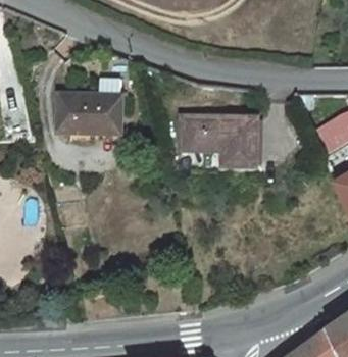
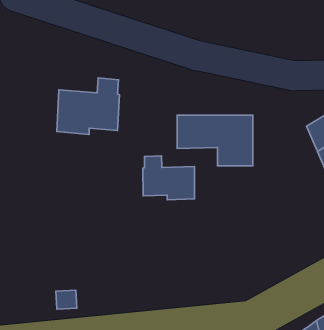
building: none -> [143,156,195,200]

